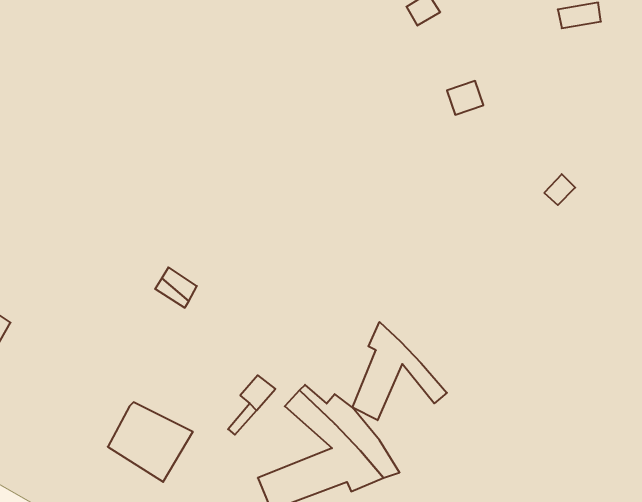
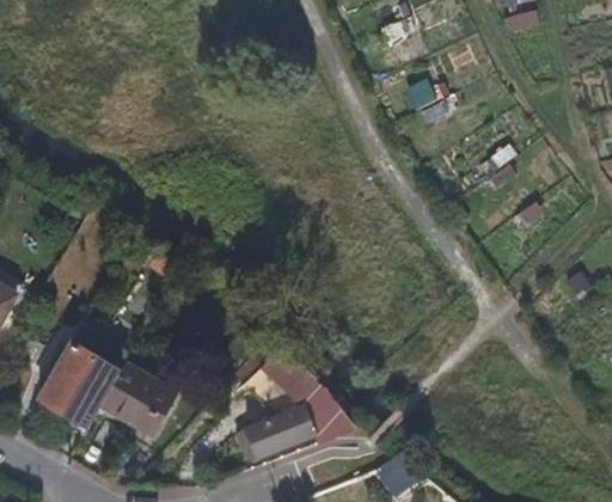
building: [352,322,447,420] -> none
building: none -> [37,339,121,427]

